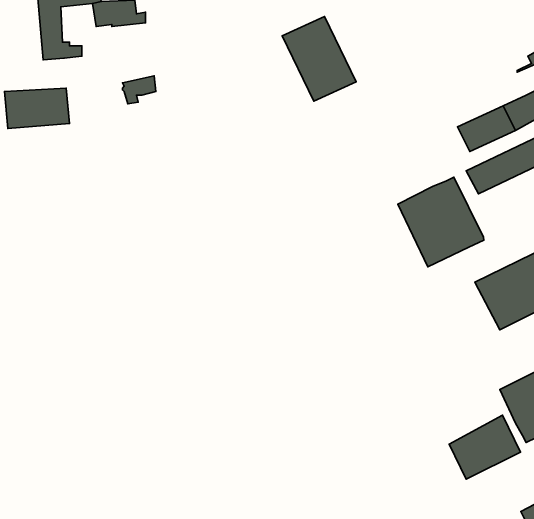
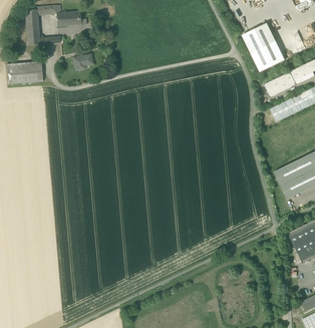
building: [282,17,356,101] -> [243,23,285,71]
building: [398,177,484,267] -> none
building: [449,415,520,479] -> none

